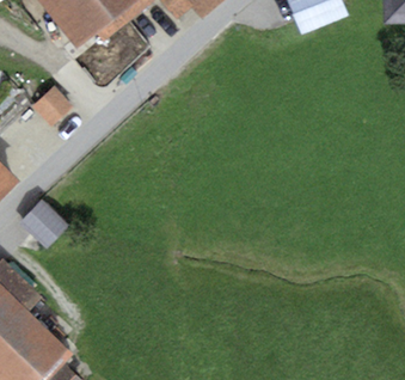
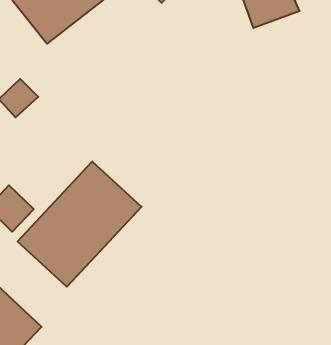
building: none -> [18,161,142,287]

